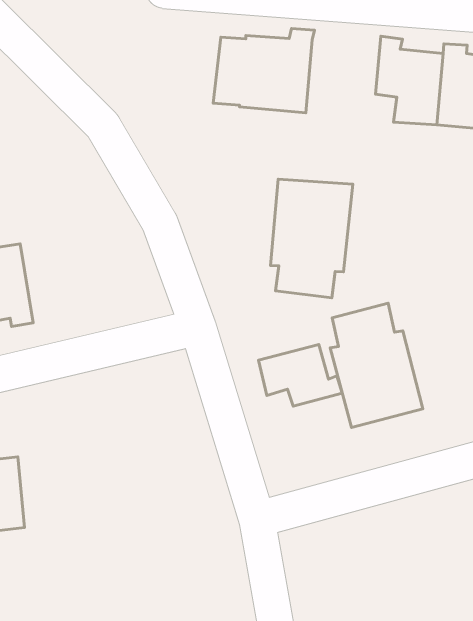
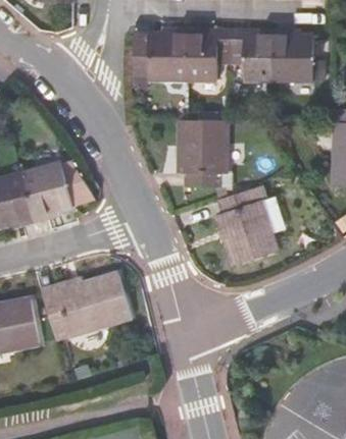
building: none -> [194,29,237,79]
building: none -> [24,160,98,218]
building: [258,345,342,406] -> none
building: none -> [43,276,130,341]

